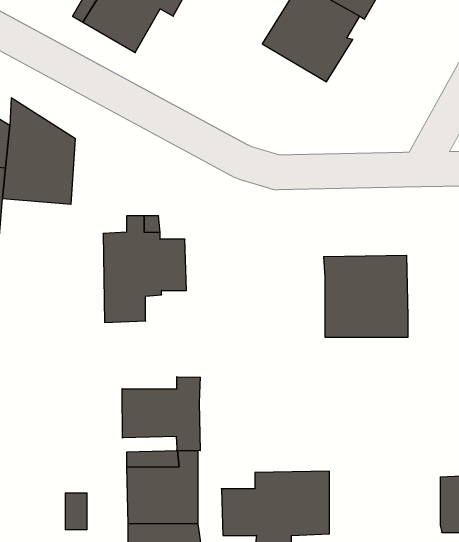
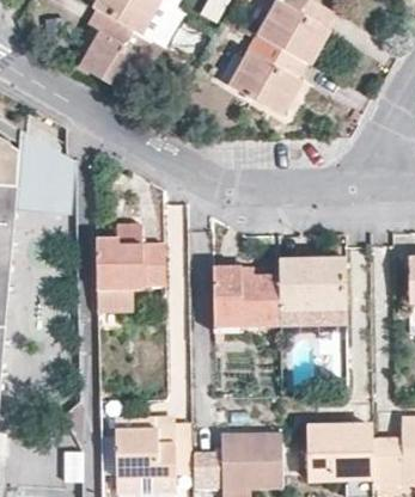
building: none -> [212,266,277,326]
building: [122,377,200,451] -> none
building: none -> [306,424,372,479]

